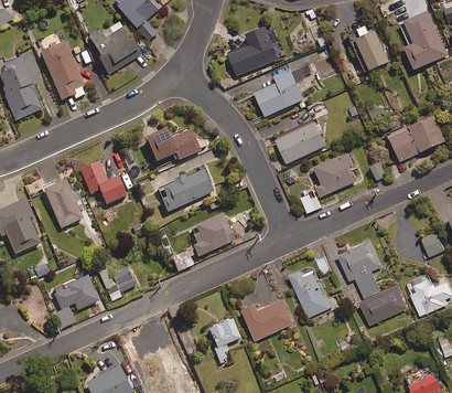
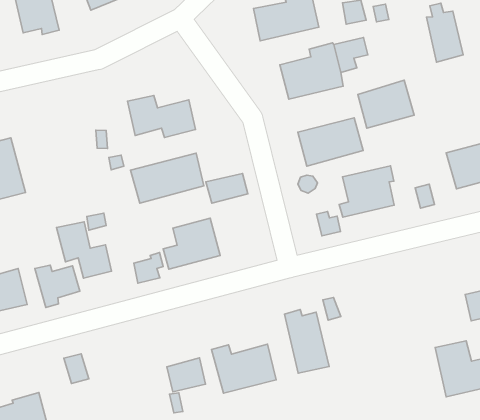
building: none -> [358,80,414,128]
building: [78,162,125,204] -> [56,222,112,278]
building: none -> [206,173,248,203]
building: [337,240,406,326] -> none

